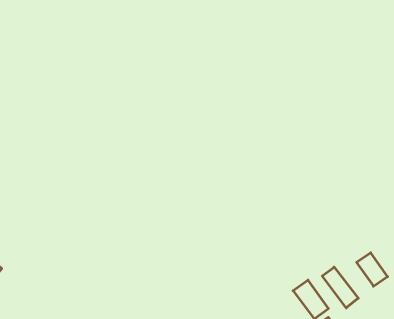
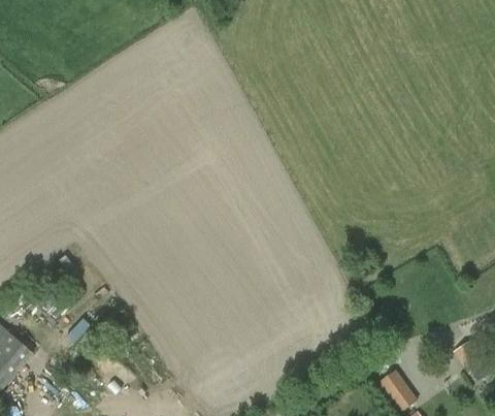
building: [322,267,358,308] -> none

